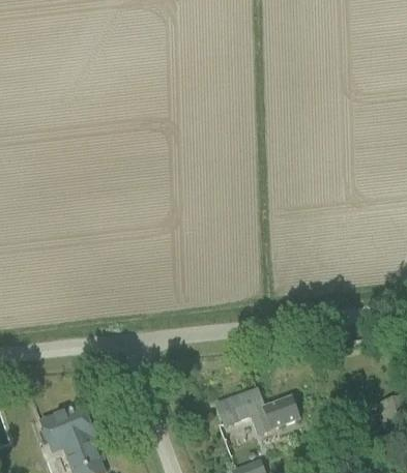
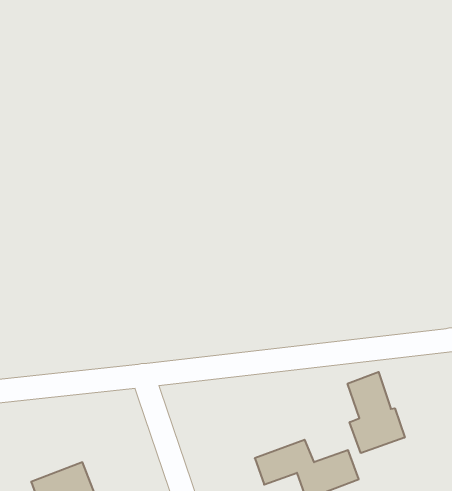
building: none -> [348,372,405,453]

